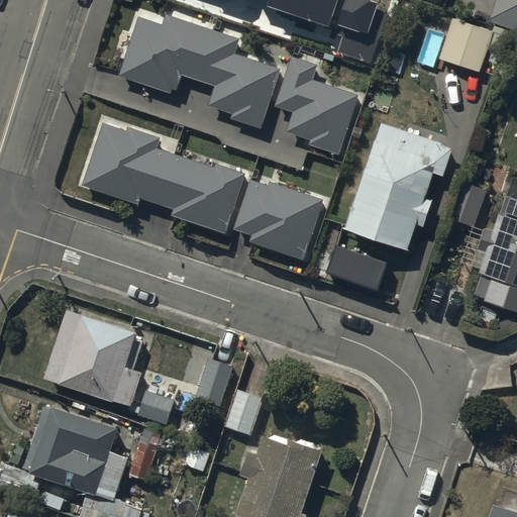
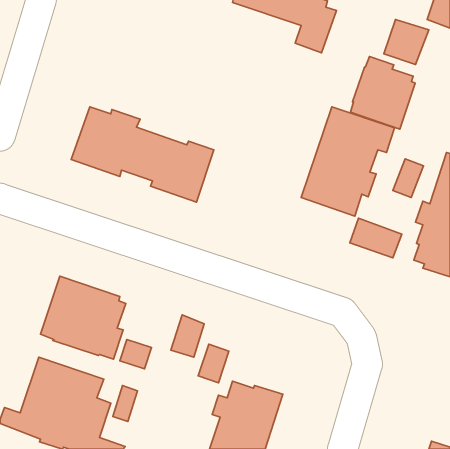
building: [118,13,281,126] -> none
building: [276,56,357,151] -> none
building: none -> [351,56,415,129]
building: [235,180,321,257] -> none
building: [327,243,387,289] -> [350,218,402,258]

